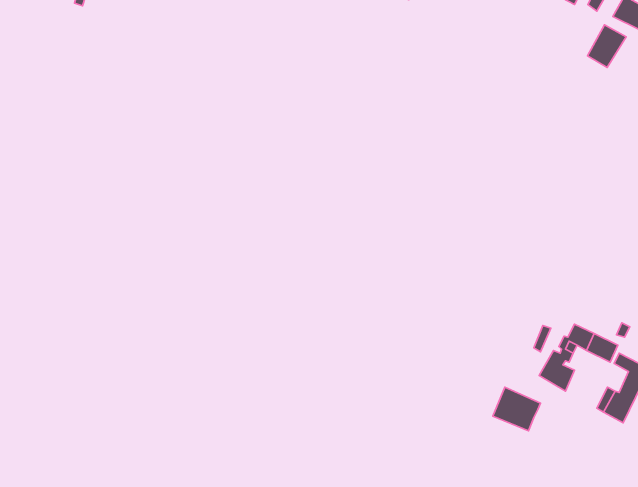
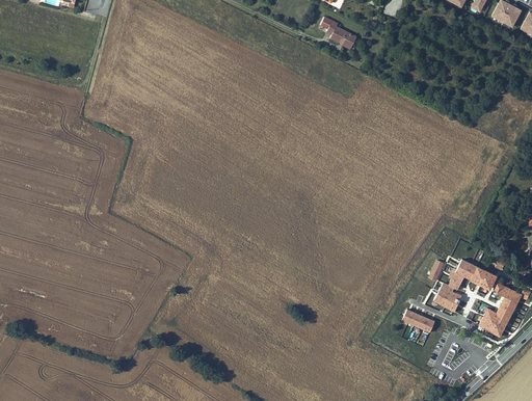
building: none -> [320,17,355,45]
building: [588,25,626,68] -> none

